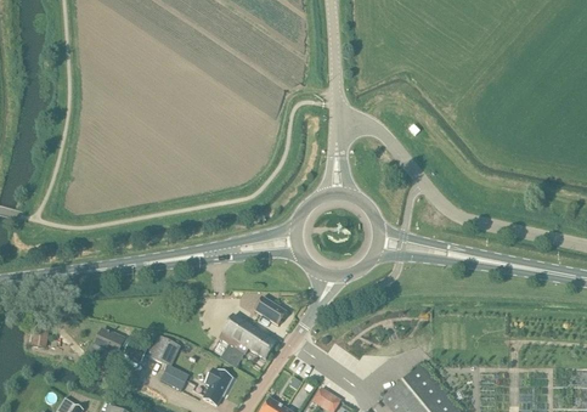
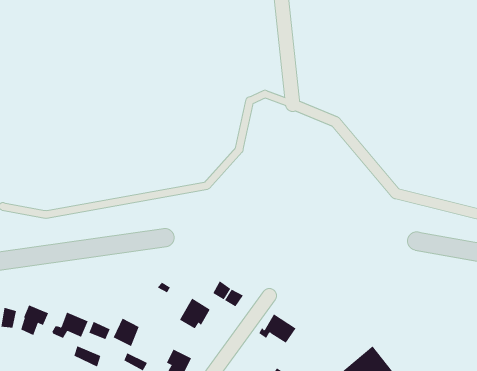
building: none -> [20,304,49,336]
building: [236,326,276,357] -> [258,313,297,343]

